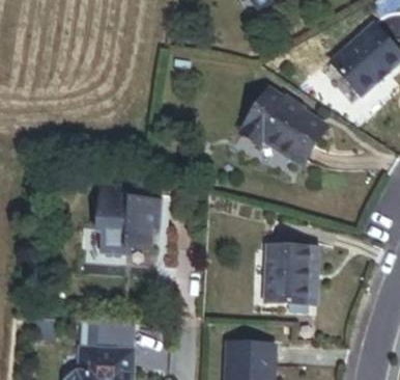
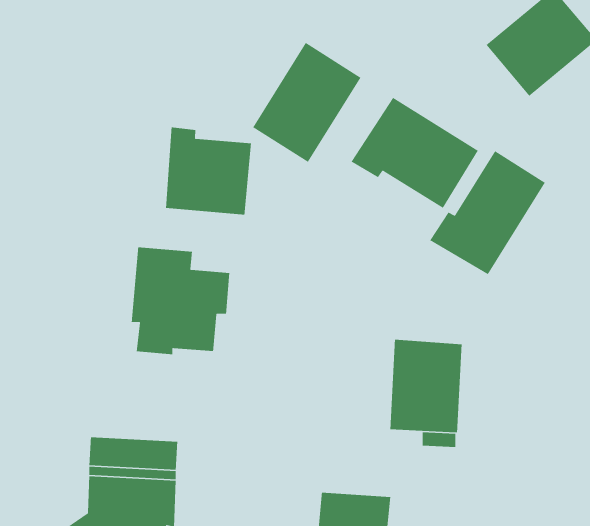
building: none -> [252,42,361,163]
building: none -> [165,126,252,215]
building: none -> [429,150,546,275]

